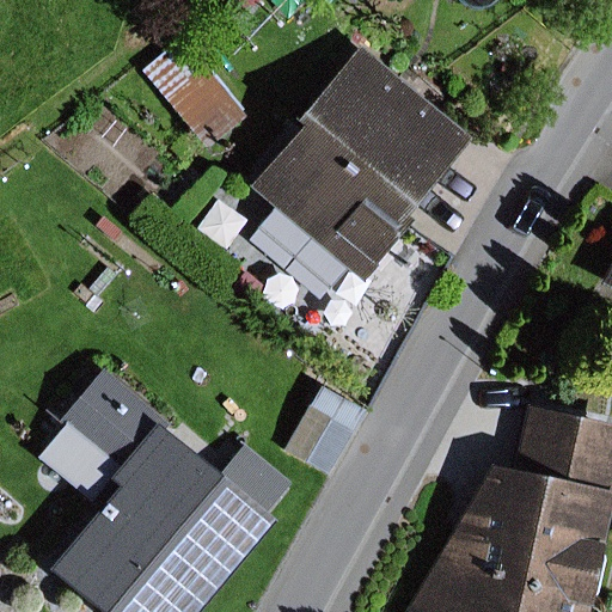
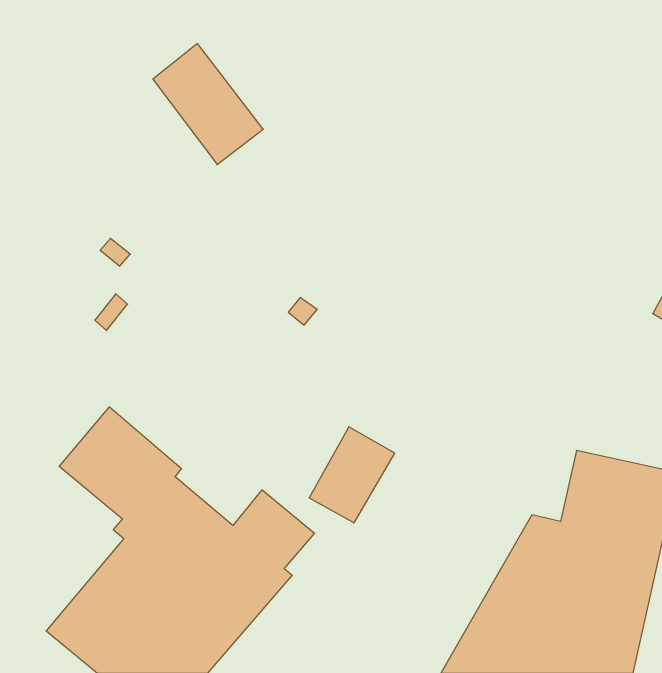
building: [250,45,465,289] -> none

